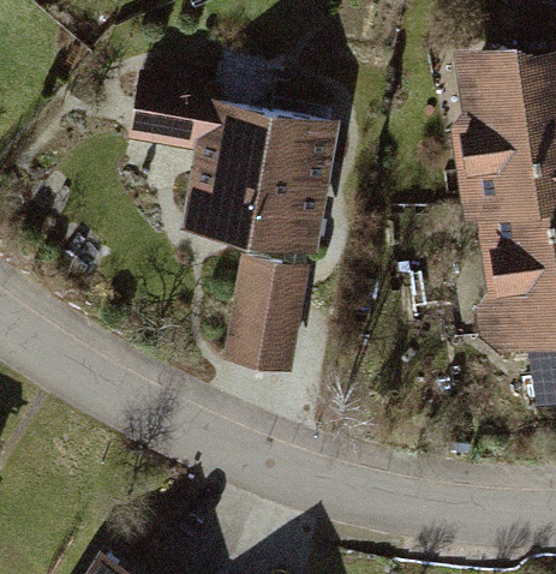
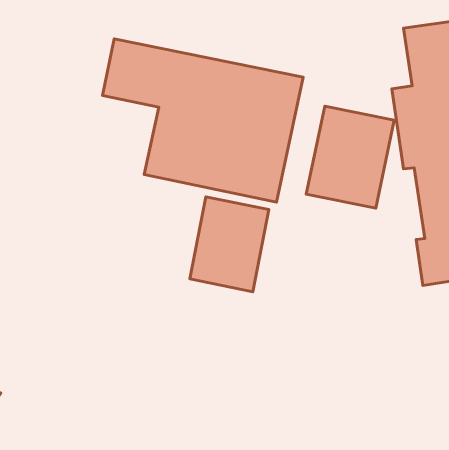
building: none -> [306,106,394,208]

